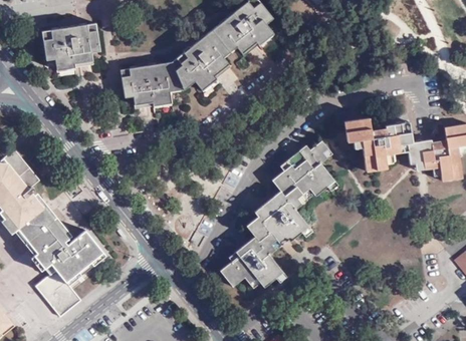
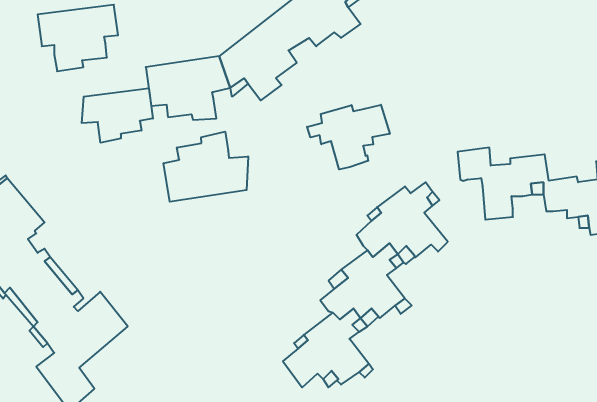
building: none -> [82,88,153,143]
building: none -> [307,105,390,169]
building: none -> [164,132,248,202]

